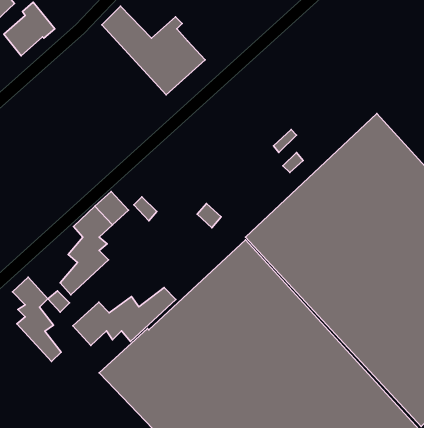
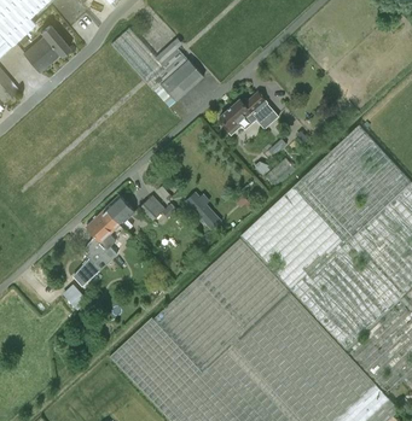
building: none -> [219,90,278,135]
building: [13,277,61,361] -> none
building: [73,288,176,346] -> none

